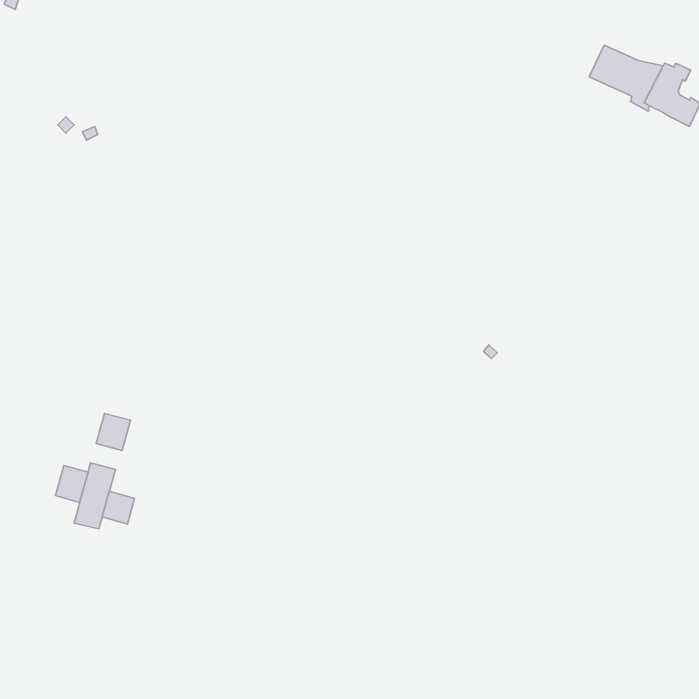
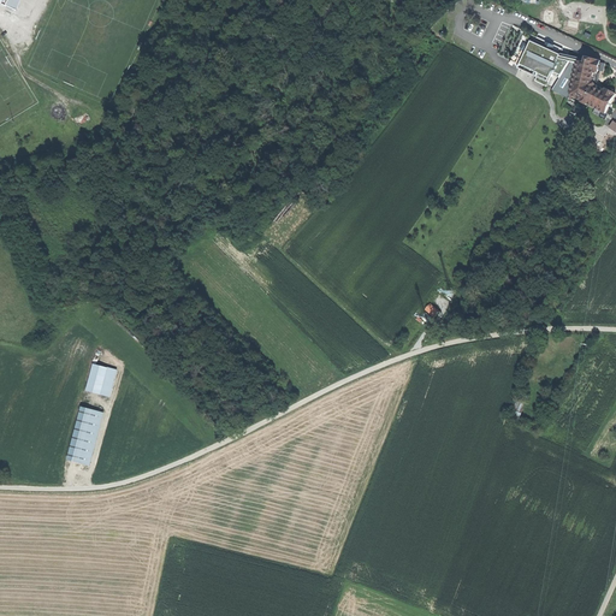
building: [55,466,88,502] -> none
building: [102,491,135,524] -> none

